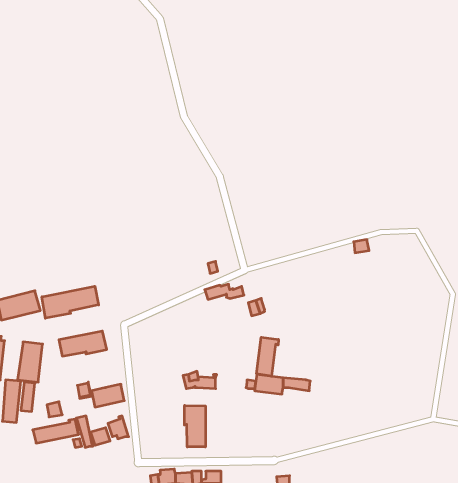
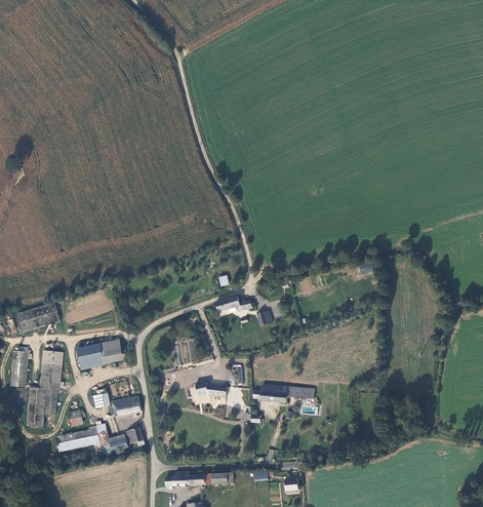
building: [42,286,99,318] -> none
building: [257,337,278,376] -> none
building: [184,405,205,447] -> none

